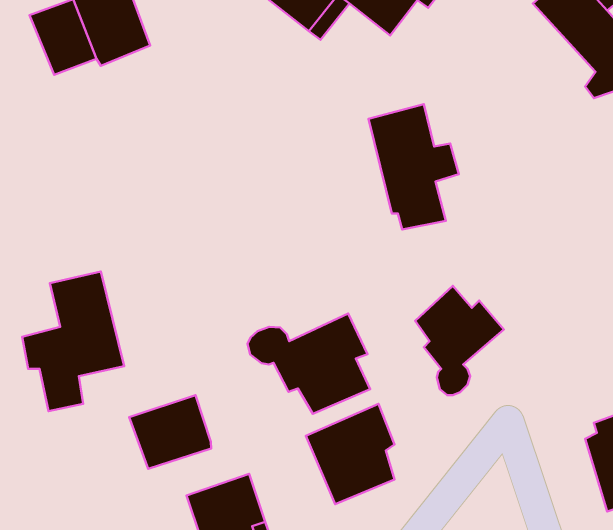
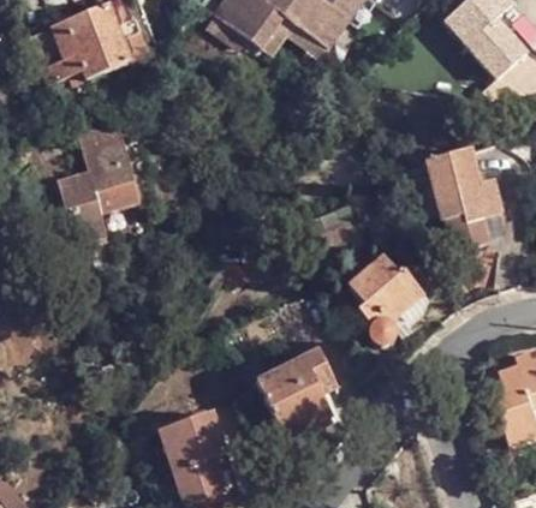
building: [369,104,459,230] -> [425,145,500,249]
building: [22,271,124,411] -> [59,121,143,237]
building: [248,313,370,414] -> none
building: [129,395,211,469] -> none

